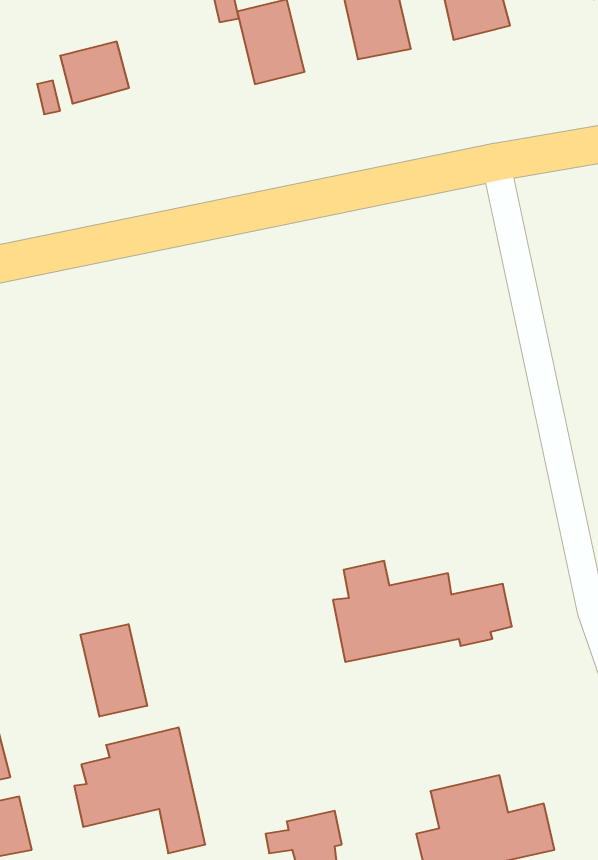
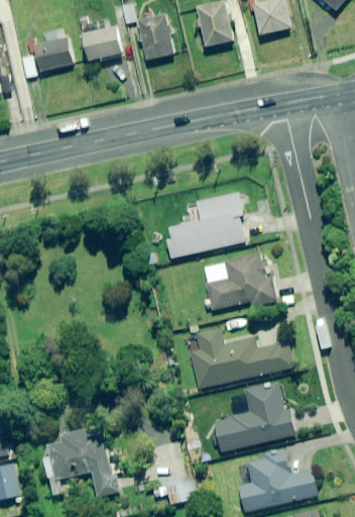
building: none -> [82,25,122,60]
building: none -> [166,194,243,258]
building: none -> [206,254,275,310]
building: [81,624,147,717] -> none
building: none -> [214,385,293,451]

